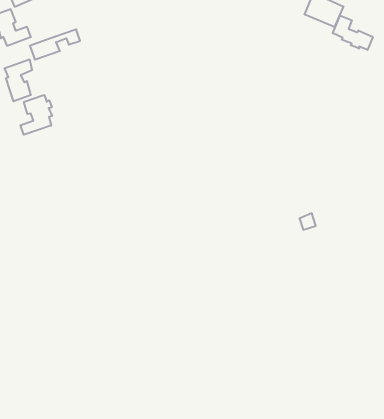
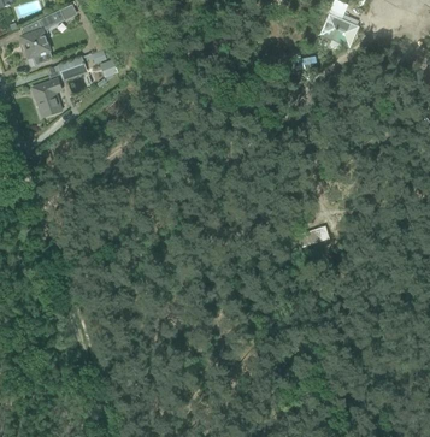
building: [333,15,373,50] -> none
building: [21,95,52,135] -> none

